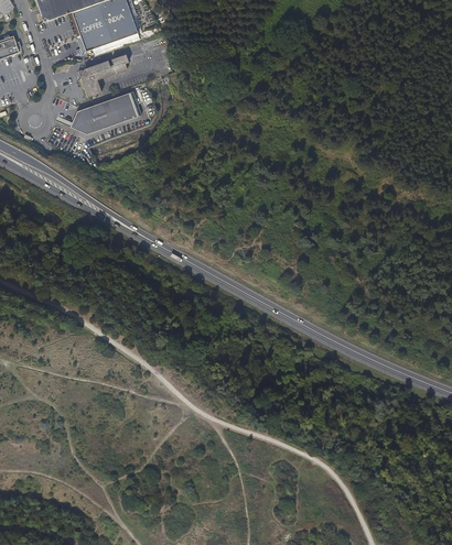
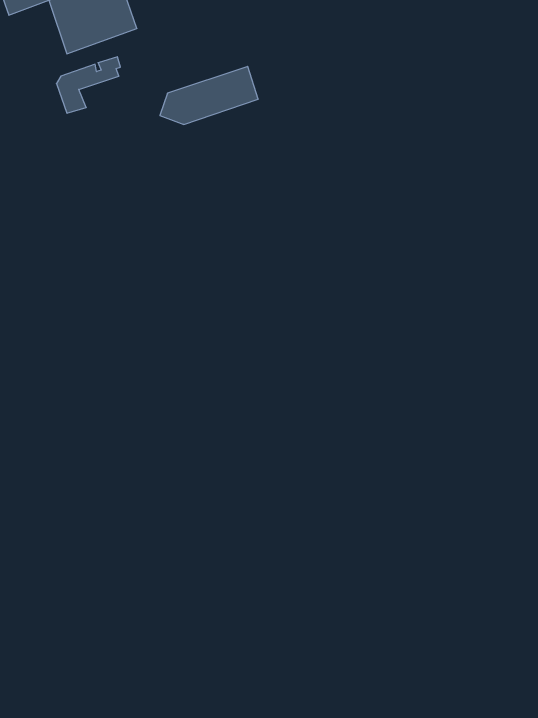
building: [72,89,144,132] -> [160,66,258,124]

